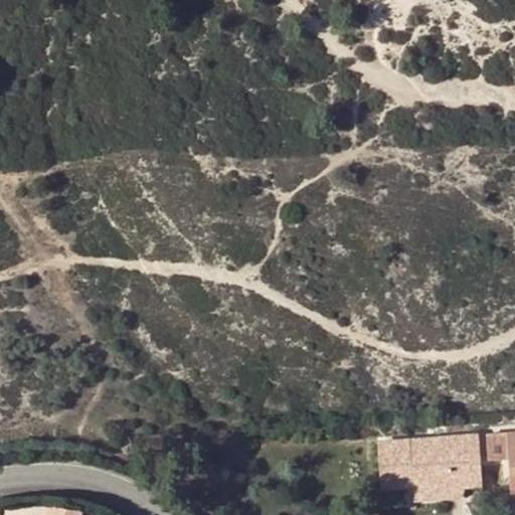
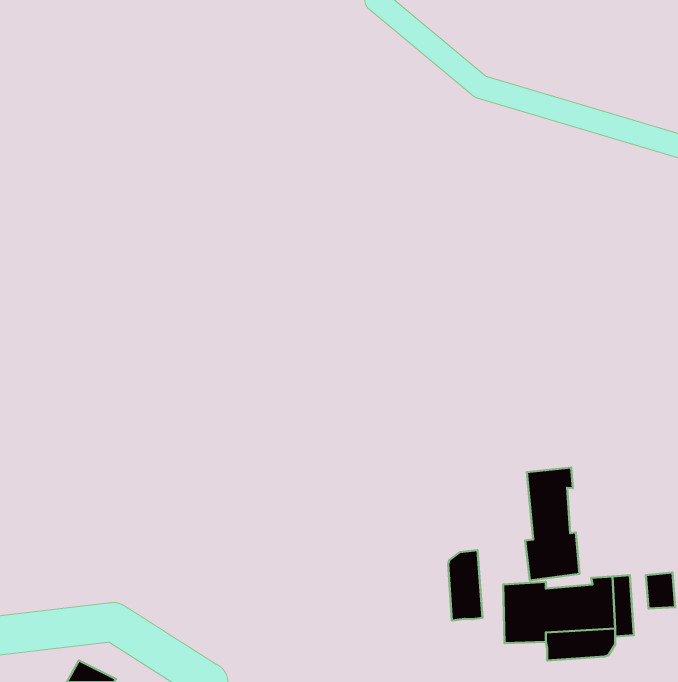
building: none -> [525,467,579,581]
building: none -> [448,550,482,621]

